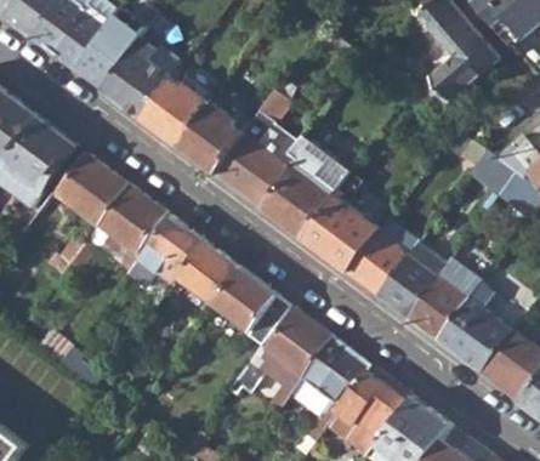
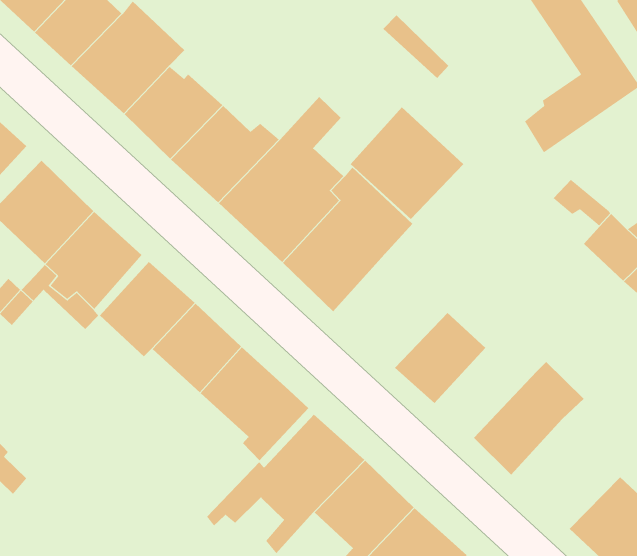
building: [301,195,380,273] -> [350,106,464,220]
building: [377,243,445,315] -> none
building: [436,296,511,371] -> none

